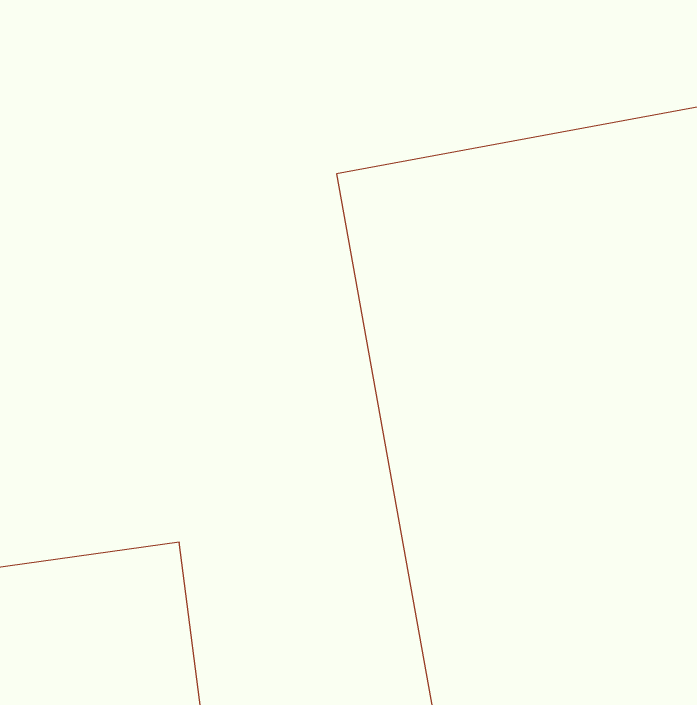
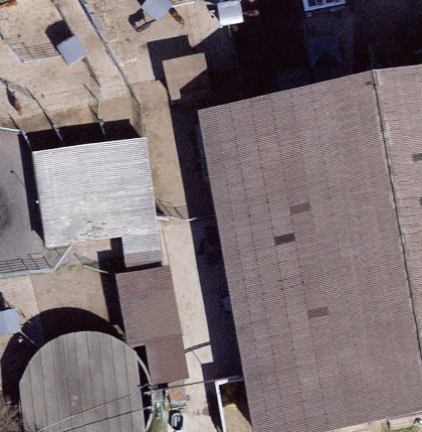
building: none -> [35,137,155,235]
building: none -> [128,267,180,380]

